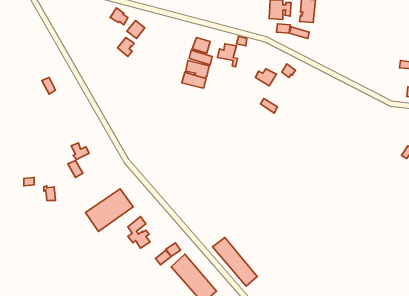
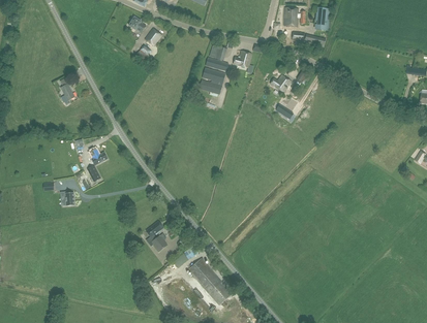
building: [86,189,133,232] -> none
building: [213,238,257,286] -> none

